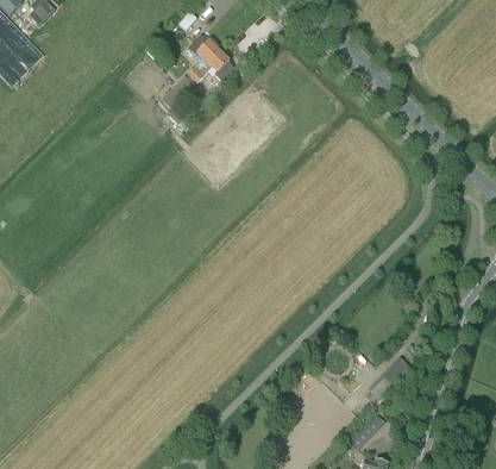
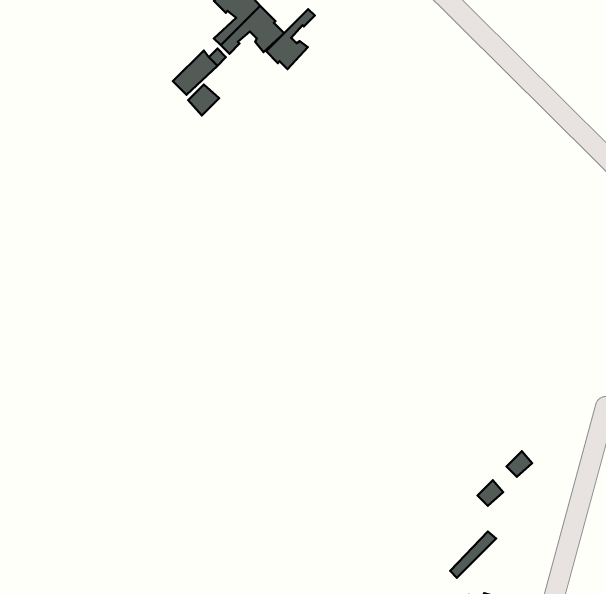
building: none -> [266,9,315,69]

